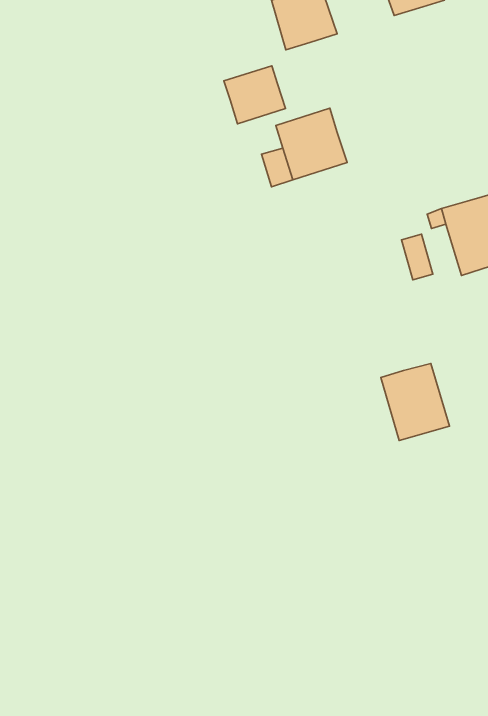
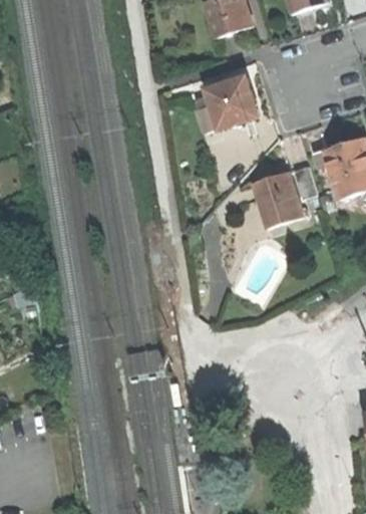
building: [224,66,285,124] -> none
building: [381,363,449,441] -> [255,171,303,225]

